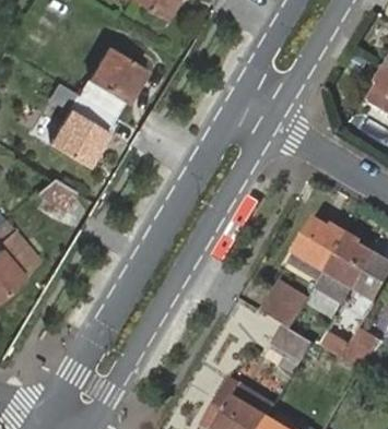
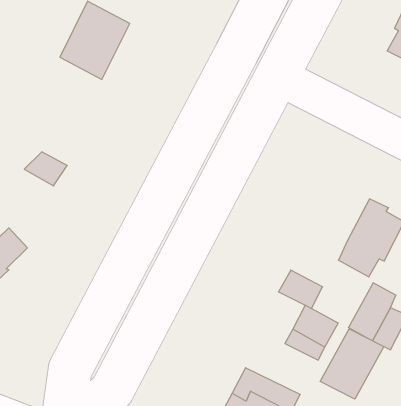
building: [50,82,117,166] -> none
building: [294,219,348,271] -> none
building: none -> [320,329,384,399]

